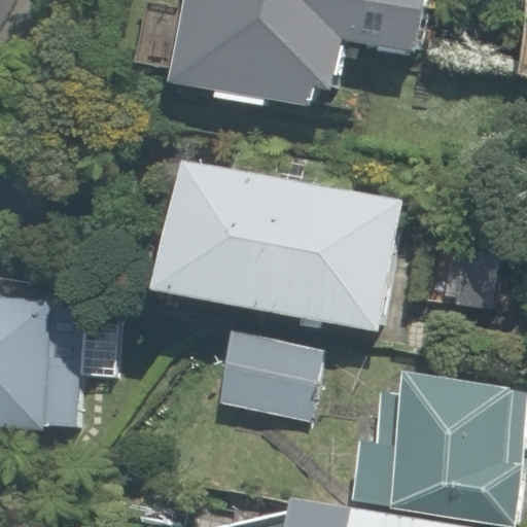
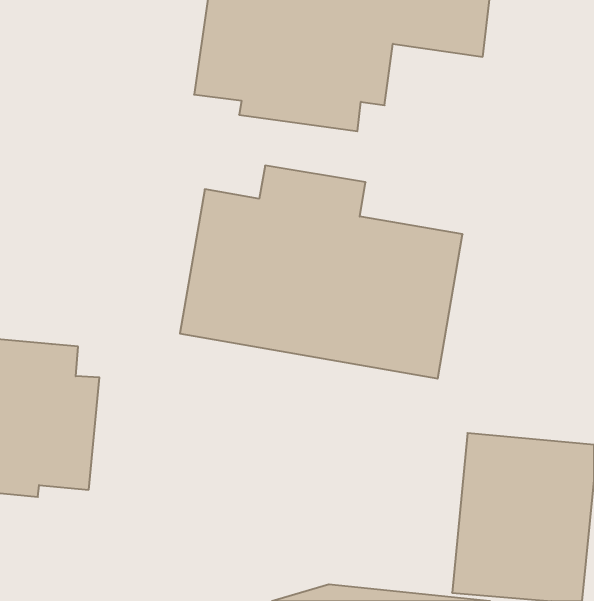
building: [219,332,315,420] -> none

